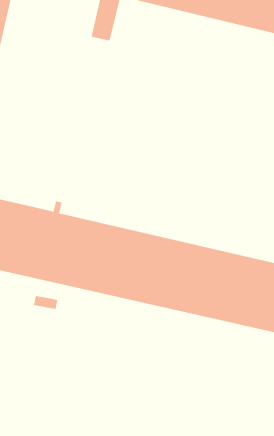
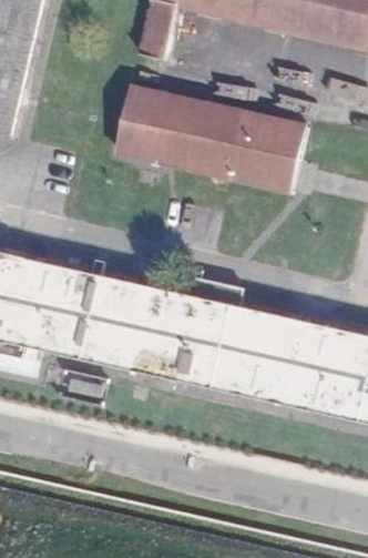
building: none -> [114,84,304,191]

